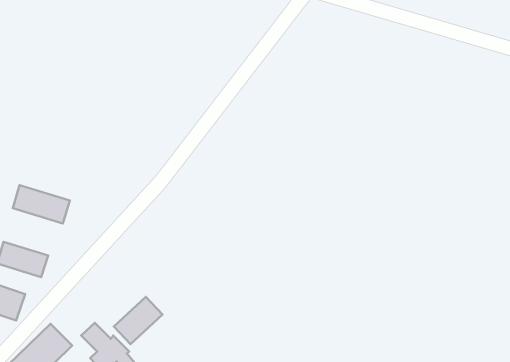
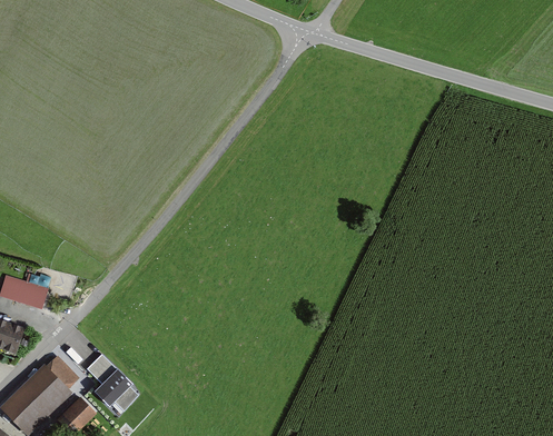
building: [13,185,70,224] -> none
building: [114,297,162,344] -> none

